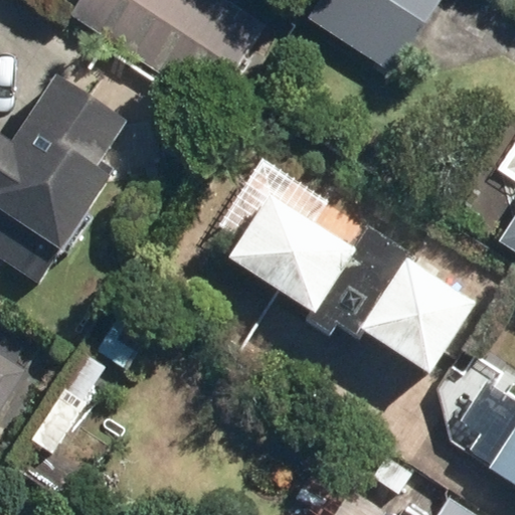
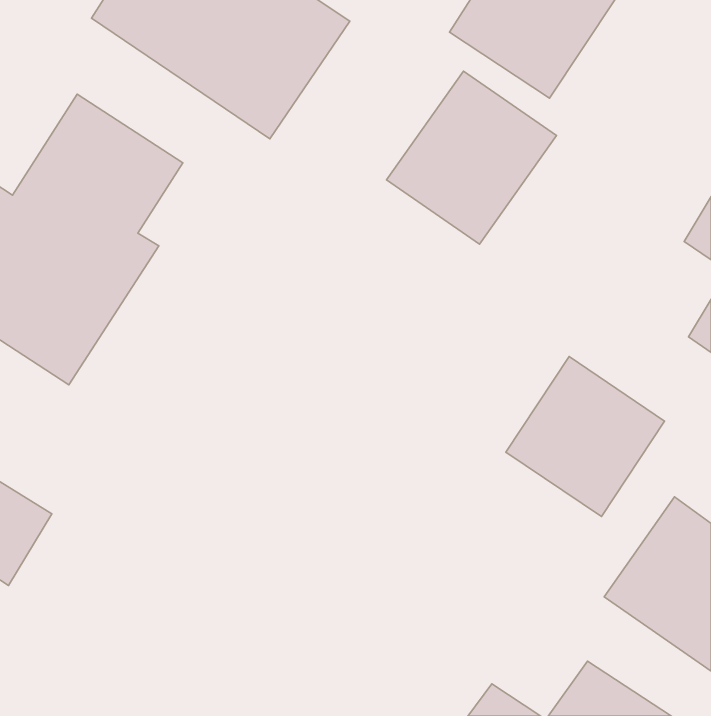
building: none -> [386,71,556,244]
building: [215,156,358,315] -> none

